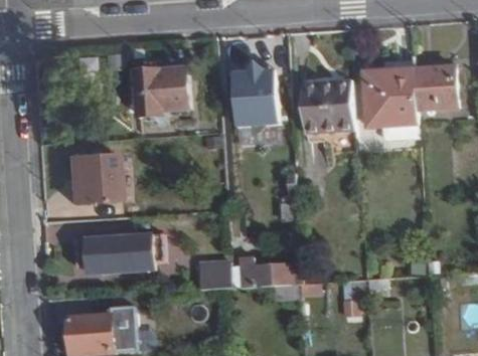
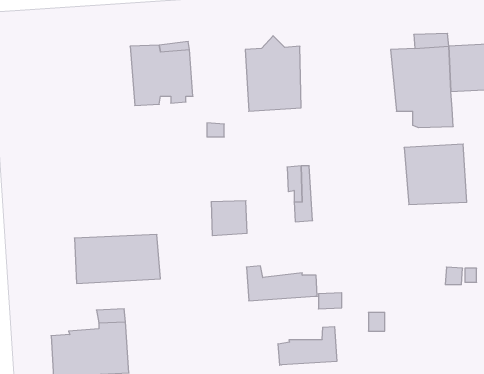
building: [298,82,352,135] -> [404,144,467,205]
building: [64,151,119,202] -> none
building: [198,258,229,289] -> [211,201,247,236]
building: none -> [278,327,337,365]

